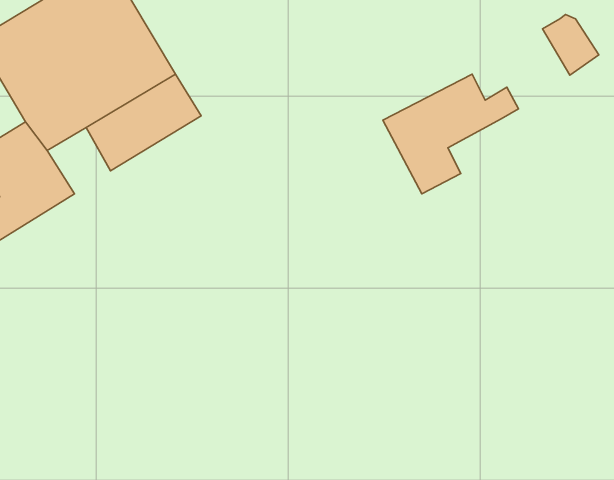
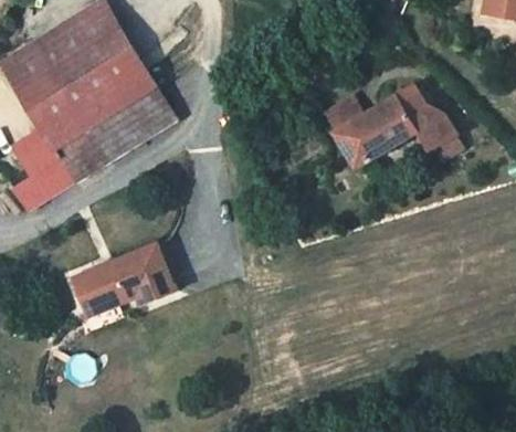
building: [543,14,599,75] -> [411,107,454,154]
building: none -> [63,125,112,176]
building: none -> [64,246,168,320]

